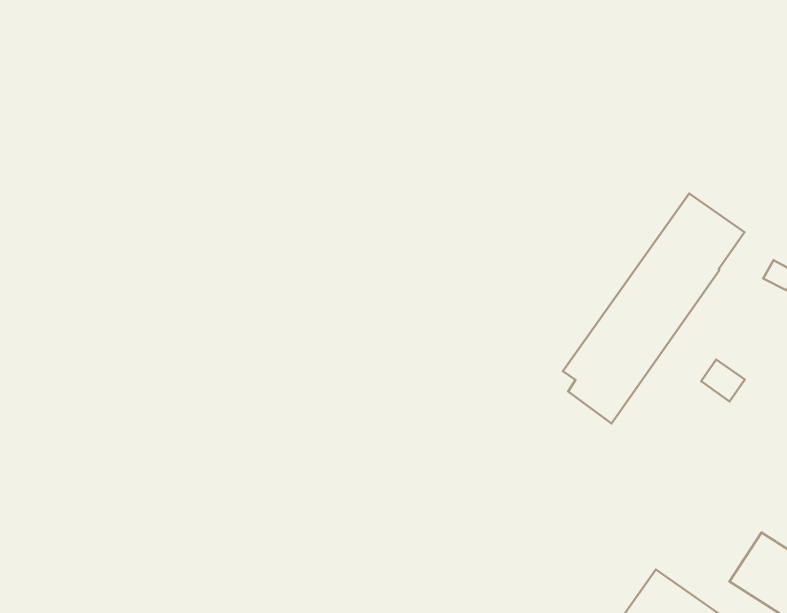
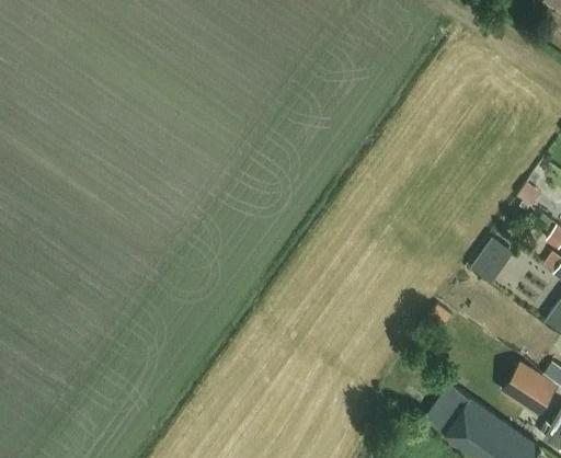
building: [563,193,745,424] -> none

